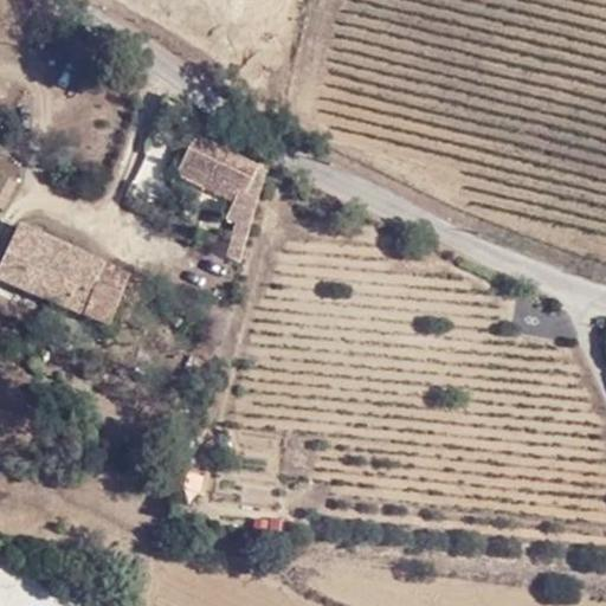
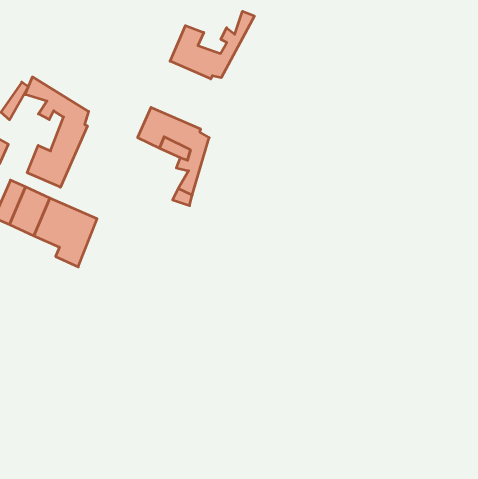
building: none -> [170,11,254,79]
building: none -> [25,77,89,187]

